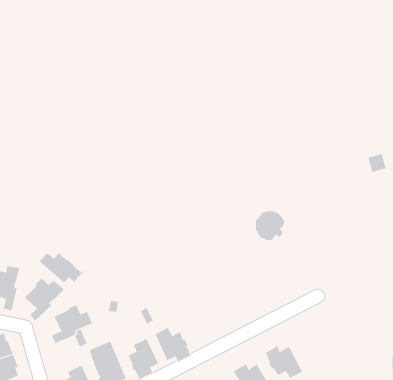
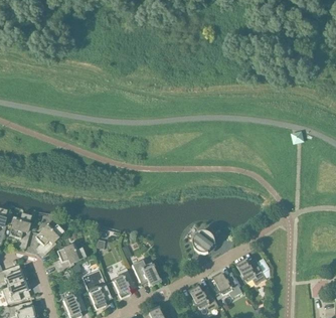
building: [255,211,285,241] -> [193,231,215,254]
building: [39,253,84,283] -> none
building: none -> [235,260,266,285]

